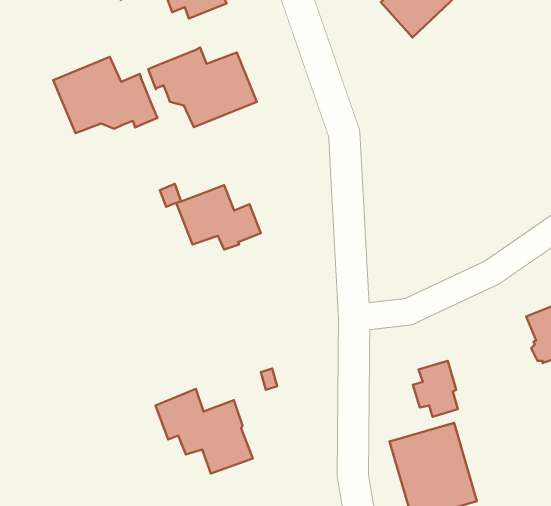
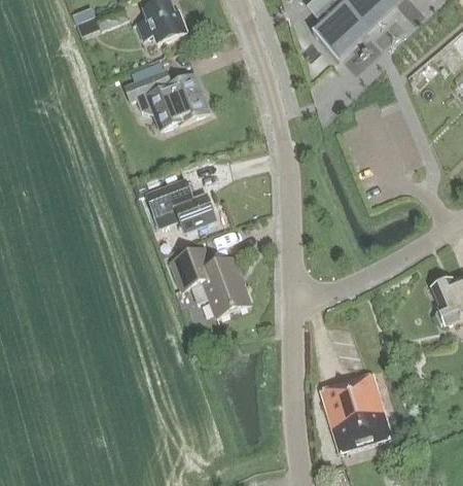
building: [53,57,157,133] -> none
building: [413,361,458,417] -> none
building: [155,389,253,474] -> [171,247,250,316]

